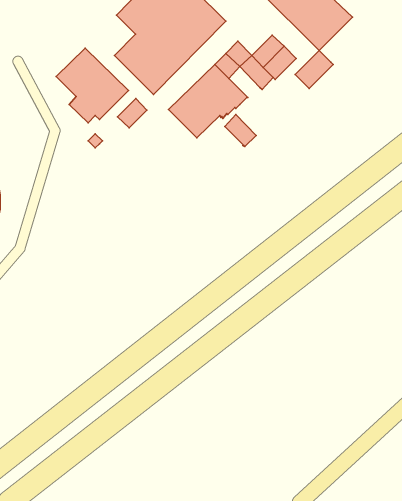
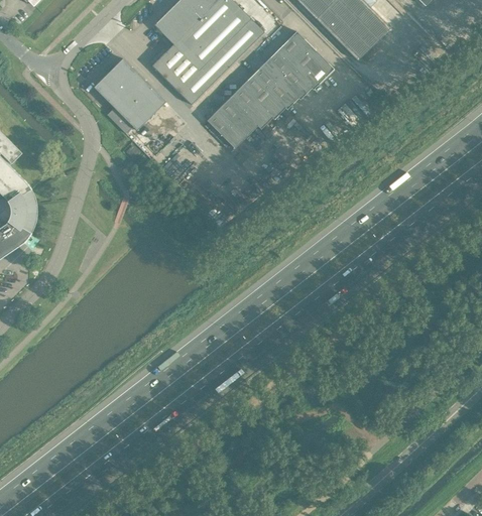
building: none -> [275,31,310,66]
building: [295,50,333,89] -> none
building: [117,98,147,128] -> none
building: [225,114,256,146] -> [266,77,297,109]

